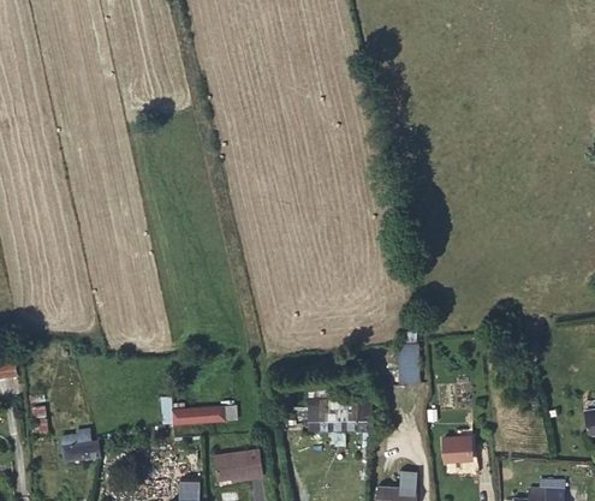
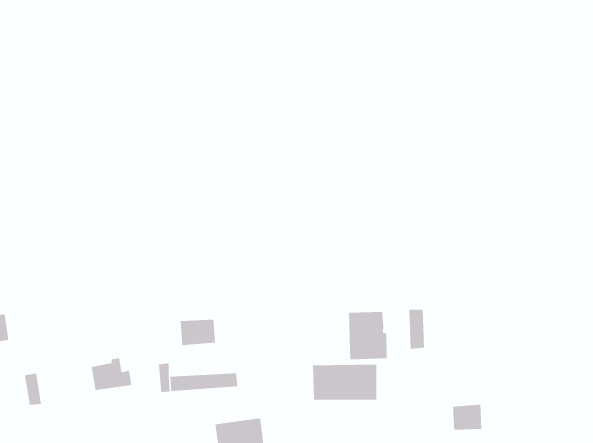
building: none -> [348,311,387,360]
building: none -> [180,319,215,346]
building: [60,429,100,460] -> [91,358,132,390]

